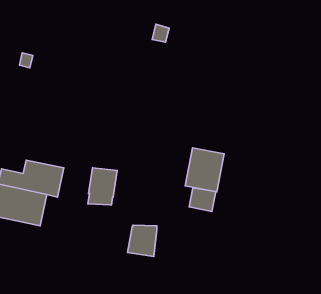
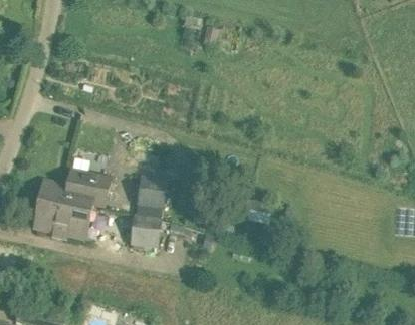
building: [185,148,224,192] -> none
building: [127,225,157,256] -> [129,216,160,249]

